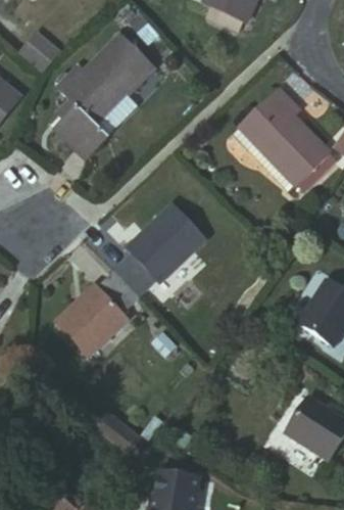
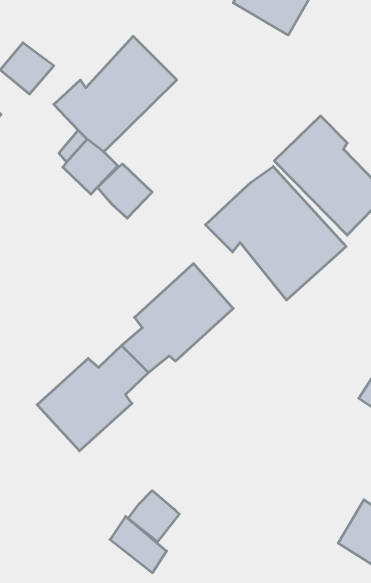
building: none -> [97,164,152,218]
building: none -> [205,166,346,300]
building: none -> [128,491,179,542]

